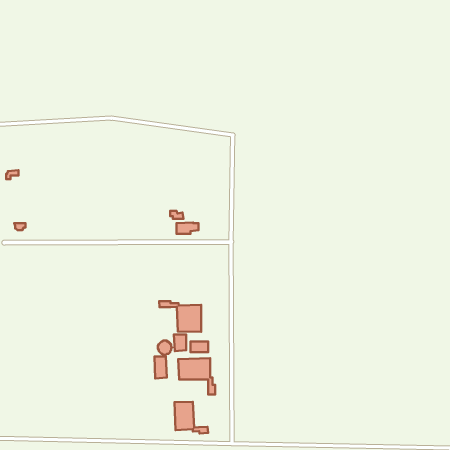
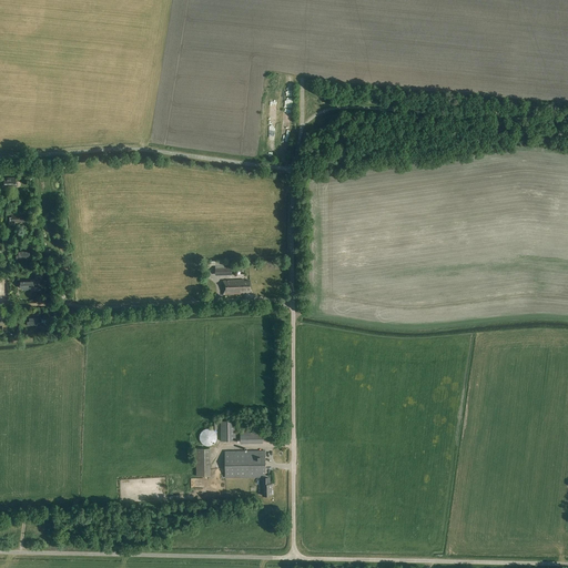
building: [159,301,201,332] -> none
building: [175,402,208,433] -> none

